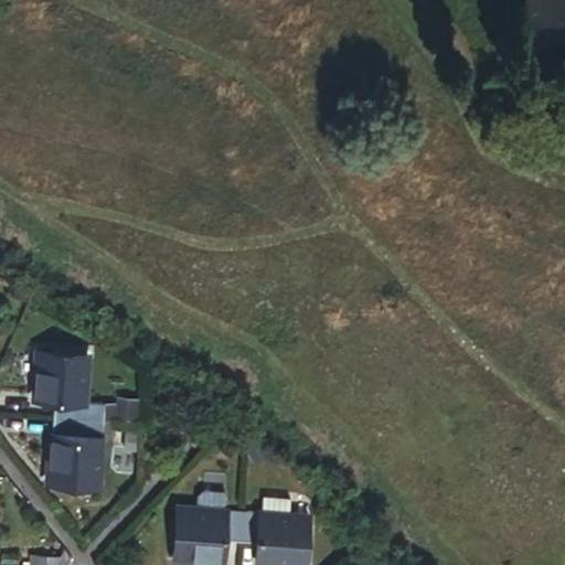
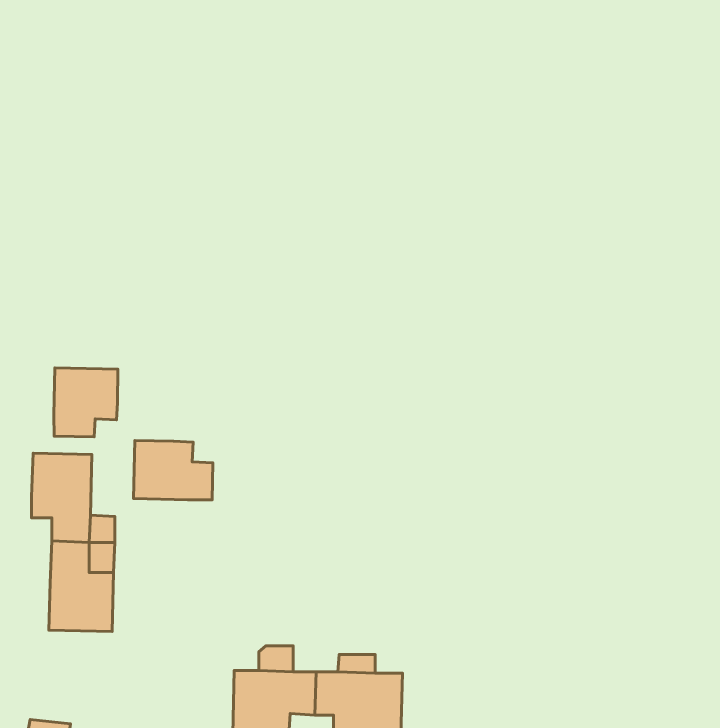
building: none -> [54,368,118,437]
building: none -> [133,440,213,500]

